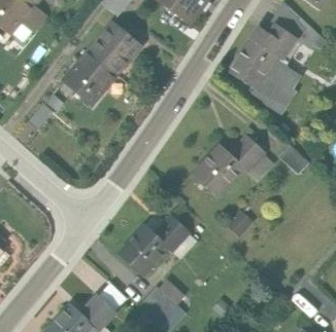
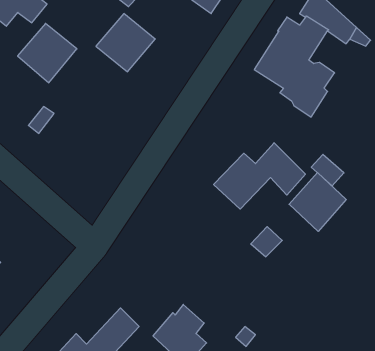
building: [63,50,115,103] -> [18,23,77,83]
building: none -> [289,173,346,231]
building: [117,215,196,274] -> none

